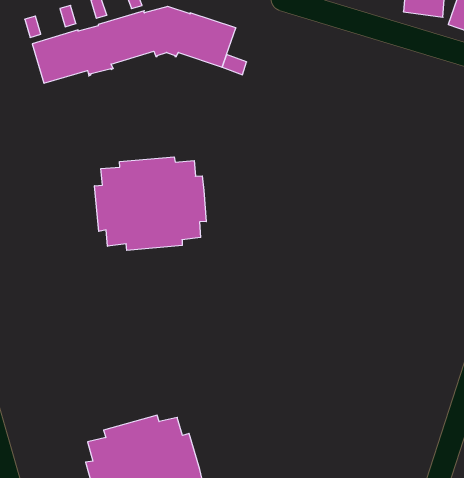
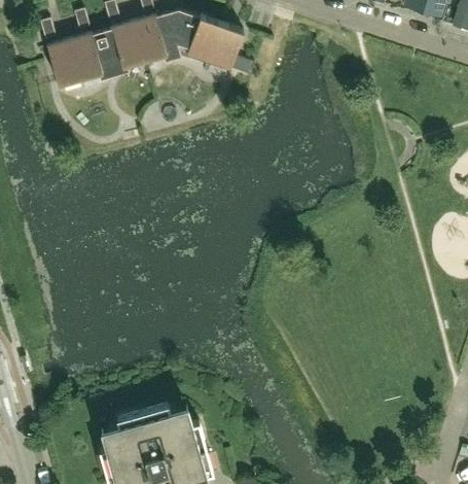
building: [95,157,206,250] -> none

